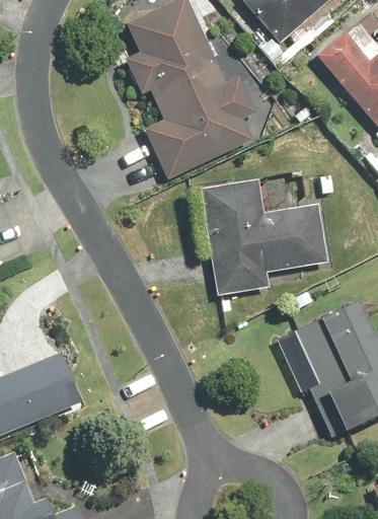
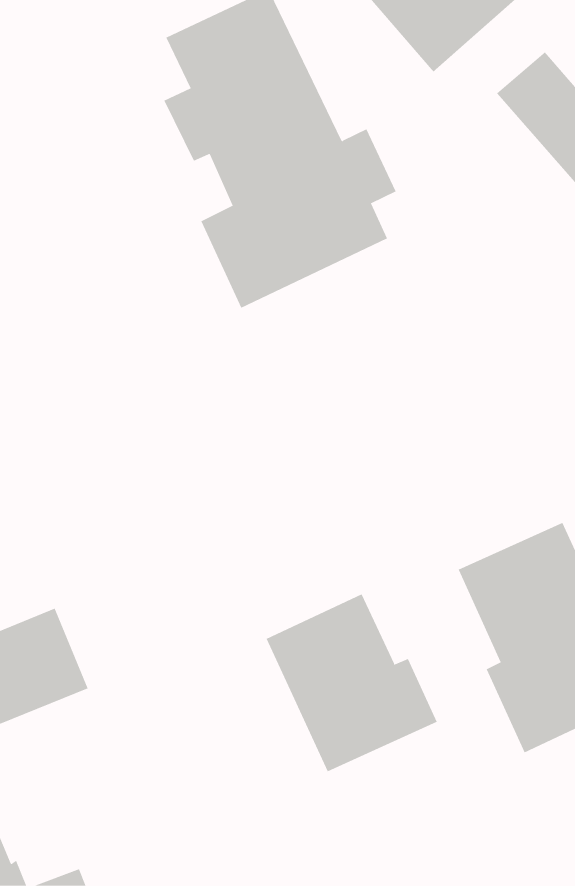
building: [199,178,329,296] -> none
building: none -> [266,594,438,772]

